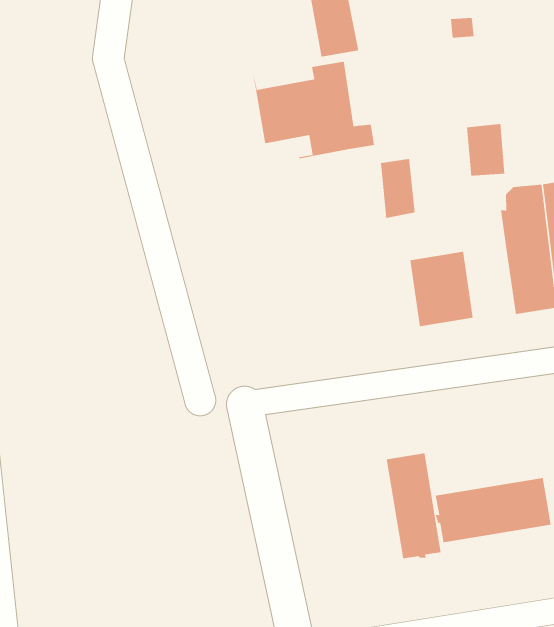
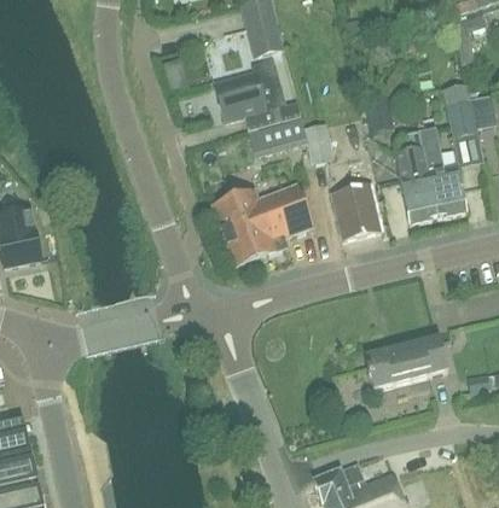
building: none -> [248,116,308,156]
building: none -> [214,183,312,263]
building: [386,452,441,559] -> none

